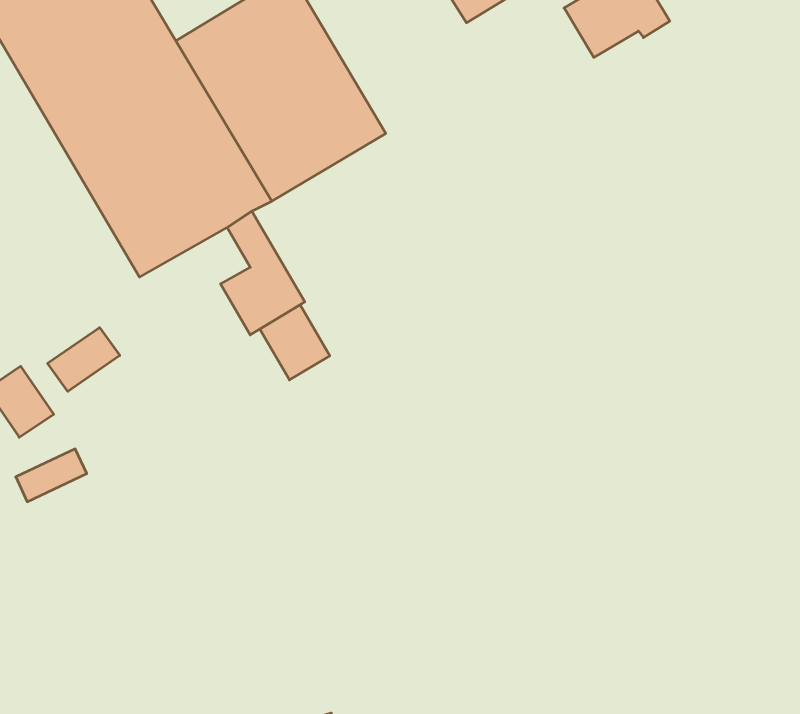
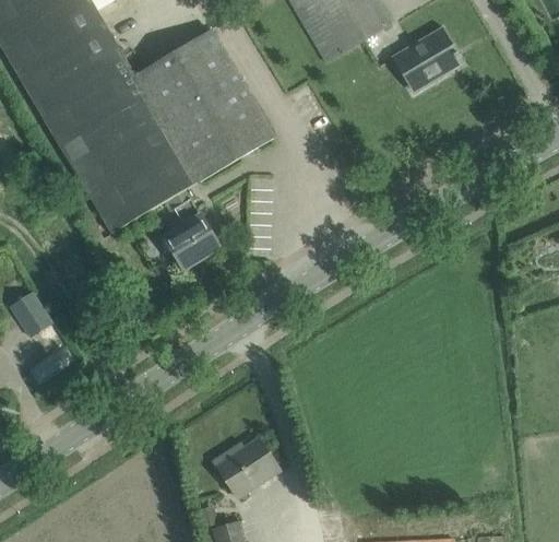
building: [260,305,330,380] -> none
building: [48,328,120,391] -> none
building: none -> [214,437,281,497]

